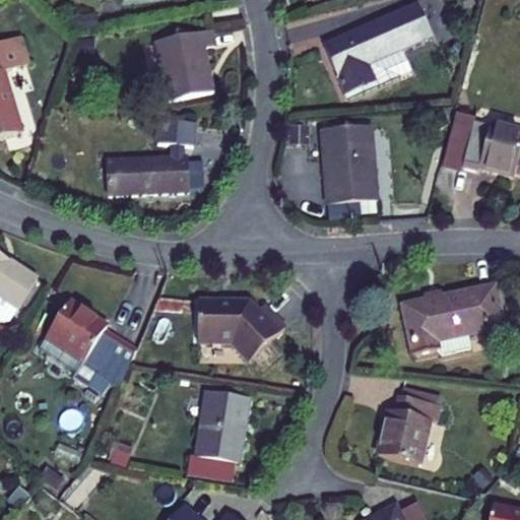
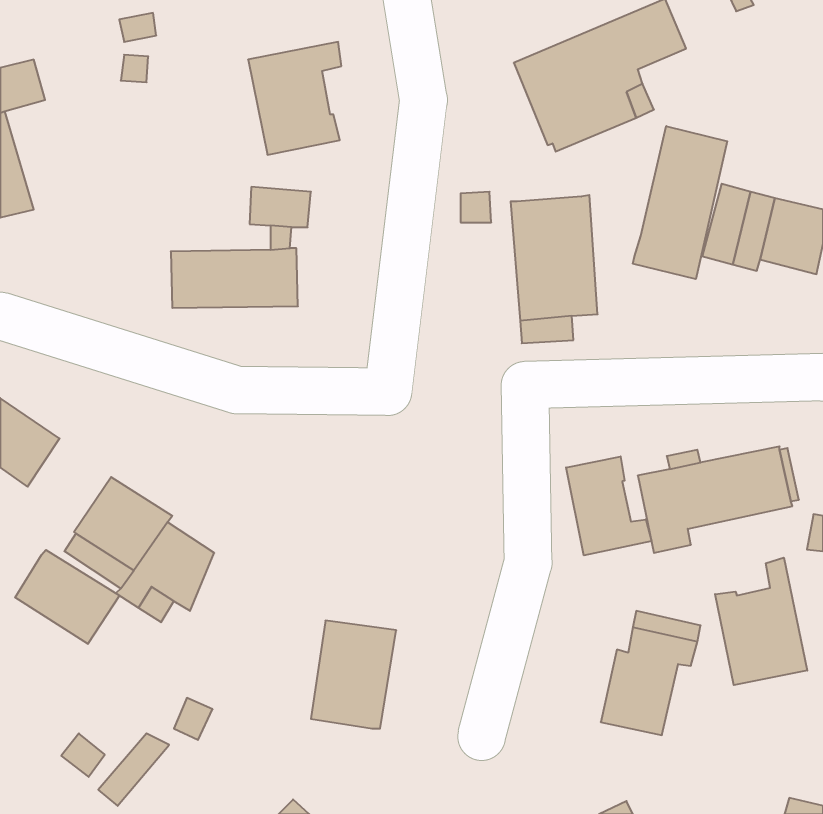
building: none -> [633,126,727,279]
building: none -> [566,456,651,555]
building: [196,296,283,360] -> none
building: none -> [15,550,120,644]
building: none -> [715,558,807,685]
building: [187,452,235,479] -> none

